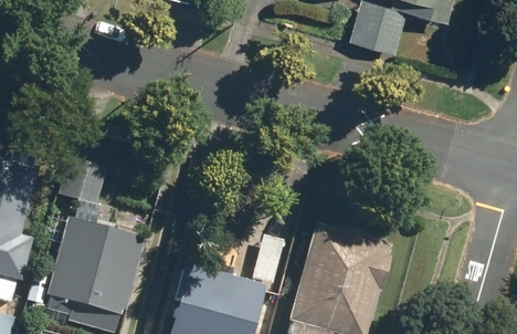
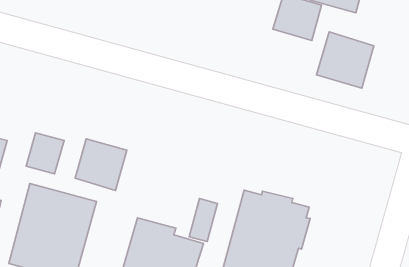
building: none -> [316,32,374,88]
building: none -> [75,139,127,191]

